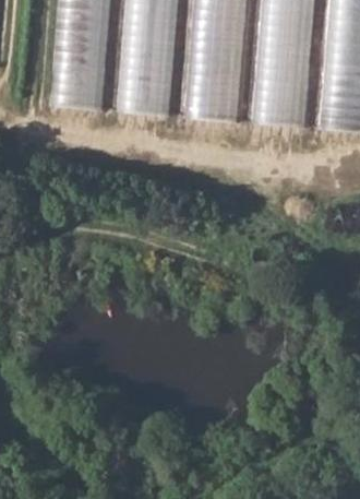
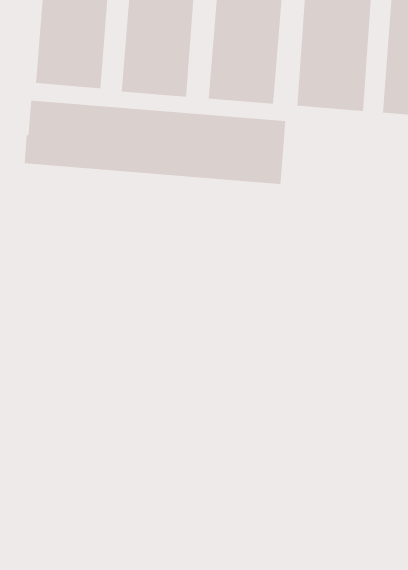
building: none -> [24,100,286,185]

